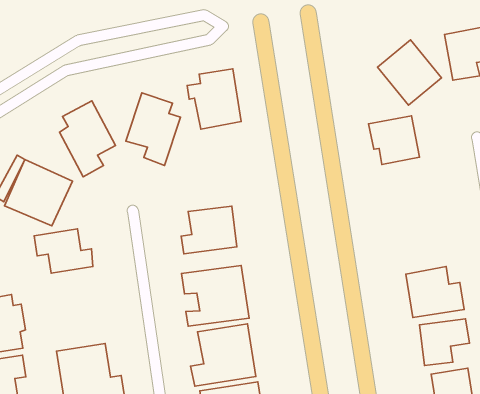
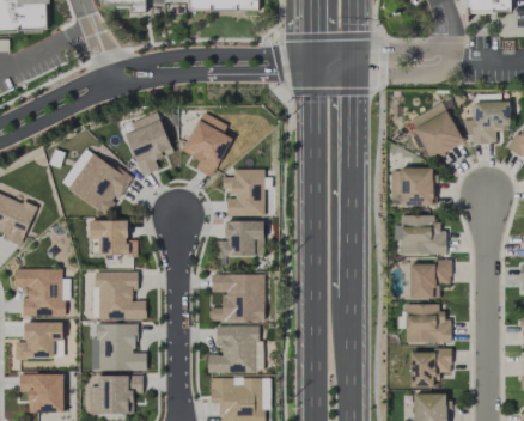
building: [187,69,241,129] -> [223,169,264,216]
building: none -> [400,214,446,254]
building: none -> [409,261,451,298]
building: none -> [95,270,146,319]

